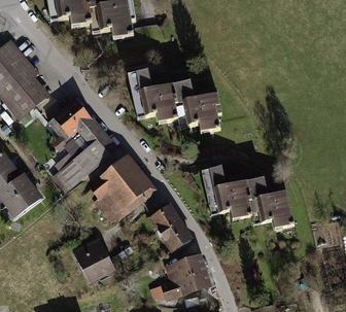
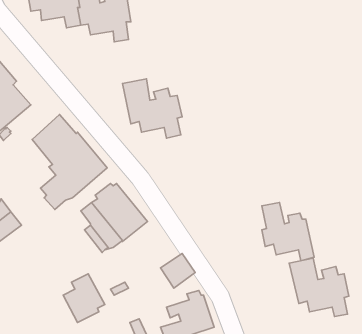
building: [175,81,221,131] -> none
building: [201,167,252,217] -> [289,258,349,317]
building: [149,205,179,234] -> none

